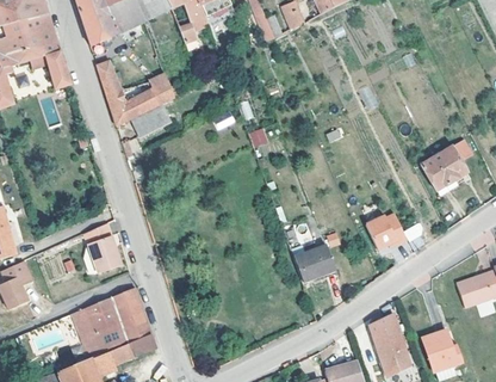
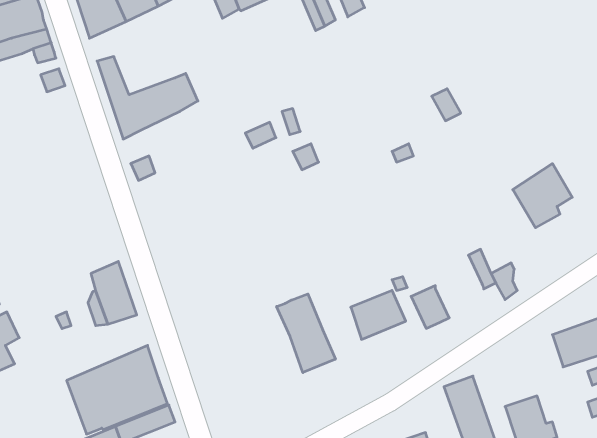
building: [131,104,169,136] -> none
building: [367,214,397,247] -> [411,286,449,328]
building: none -> [277,294,335,373]

